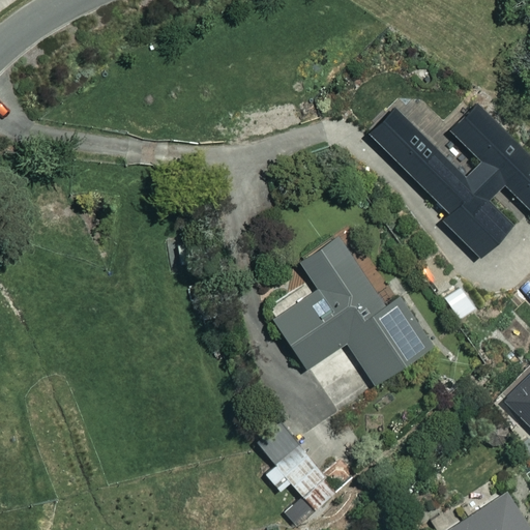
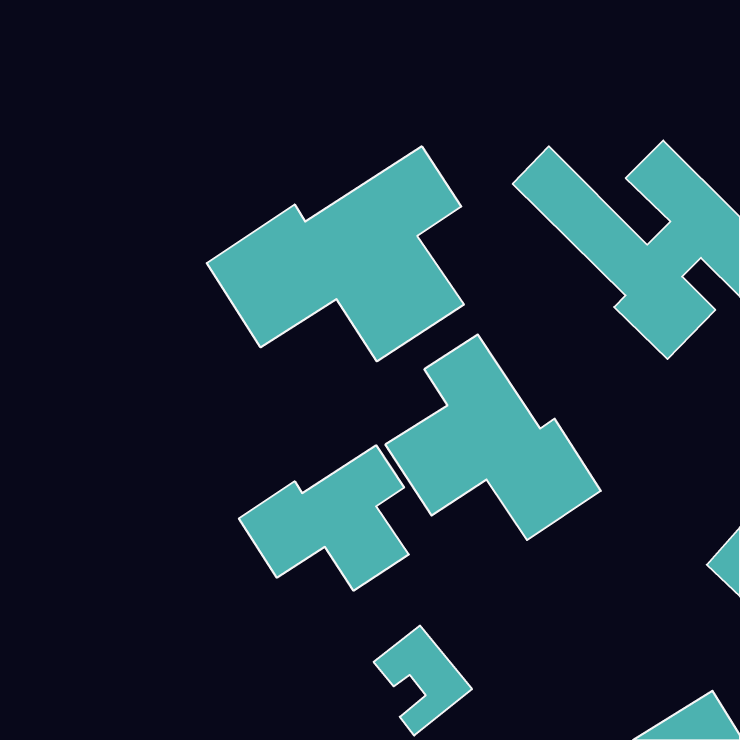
building: none -> [207,146,464,361]
building: none -> [239,445,409,591]

